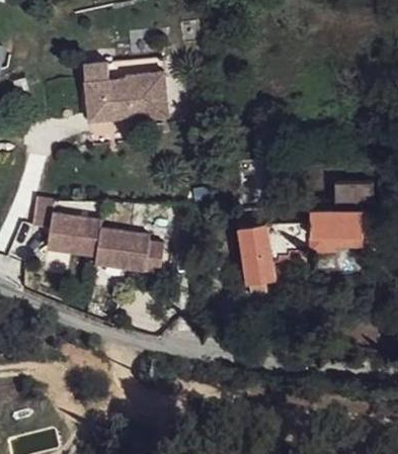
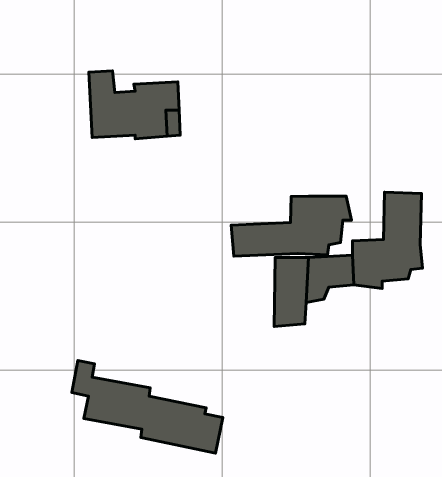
building: none -> [231,196,352,256]
building: [32,197,161,276] -> [72,360,223,453]

